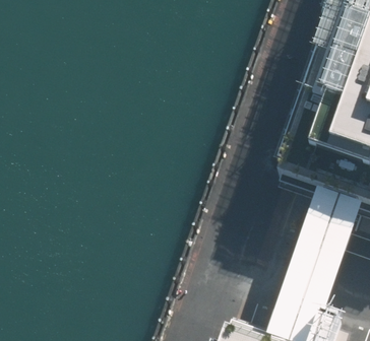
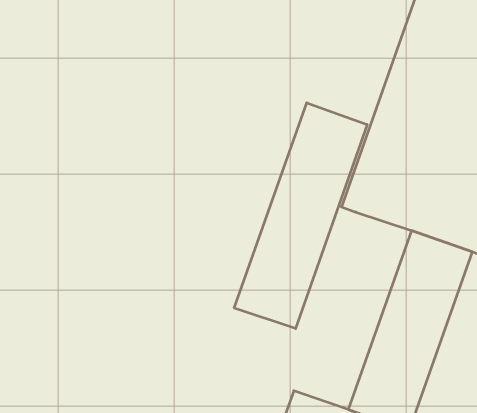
building: none -> [234,103,367,329]

